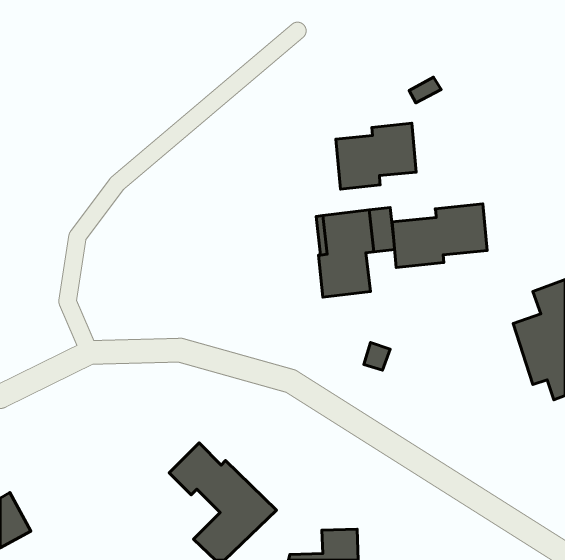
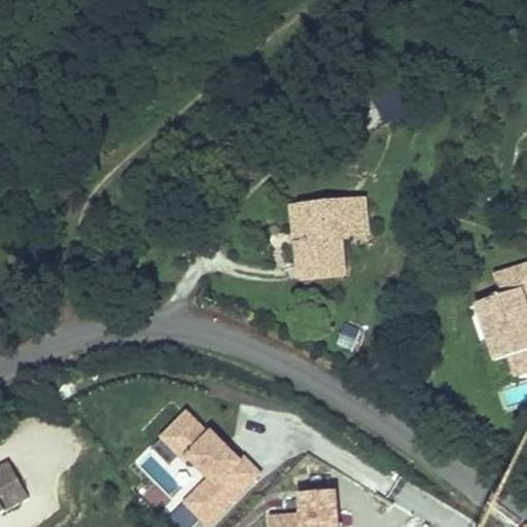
building: [336,123,416,189] -> none
building: [392,204,487,268] -> none

